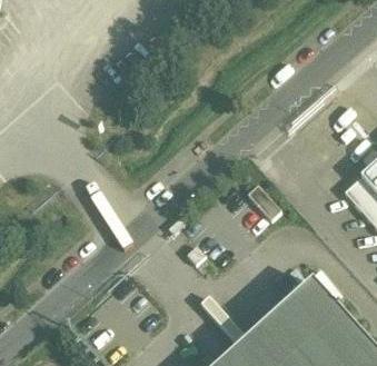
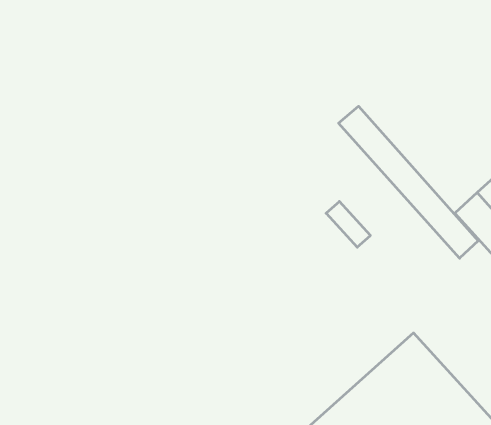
building: none -> [339,106,478,258]

